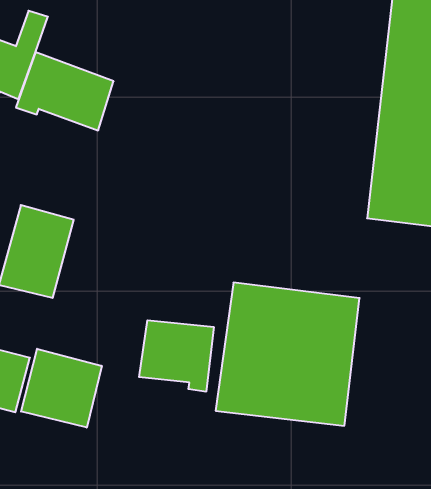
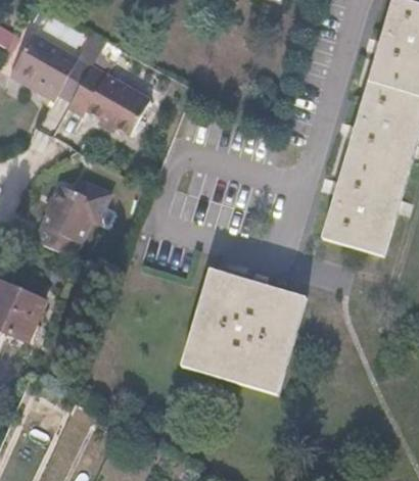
building: [139,320,214,392] -> none
building: [21,349,102,428] -> none

